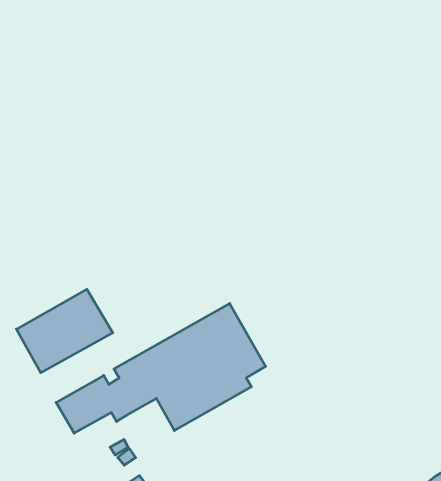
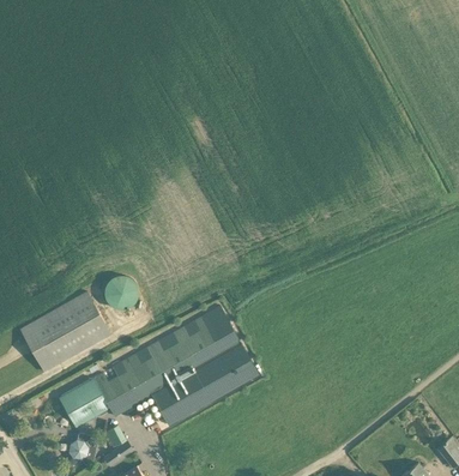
building: none -> [105,272,143,309]
building: none -> [67,433,95,465]

